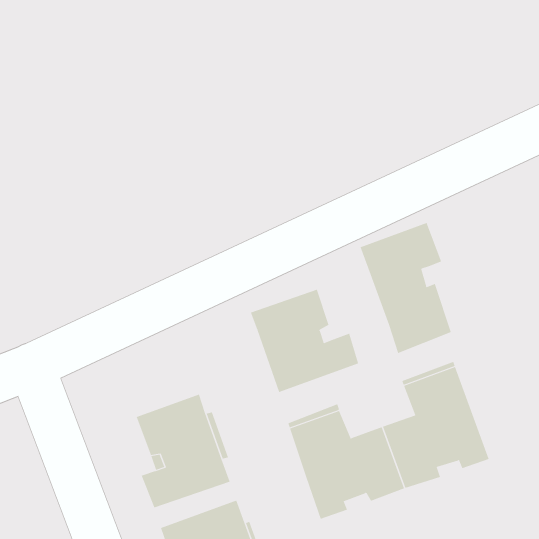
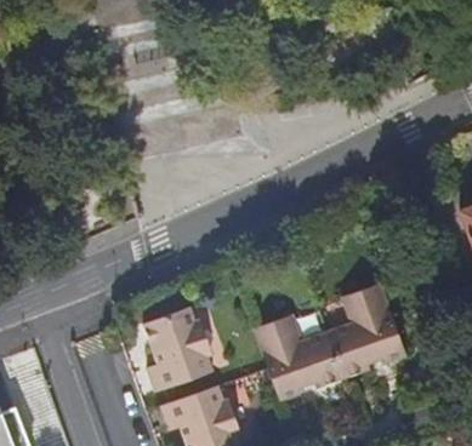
building: [360,222,451,354] -> none
building: [250,289,359,393] -> none

